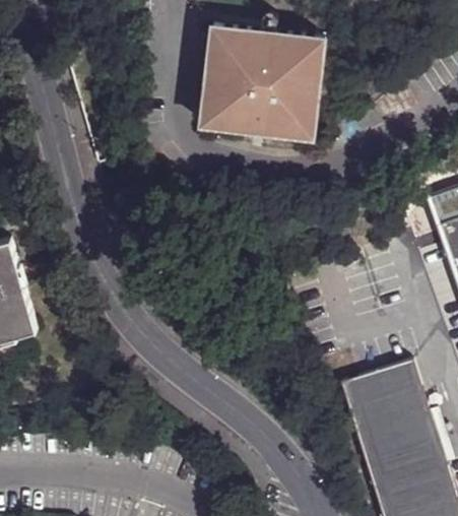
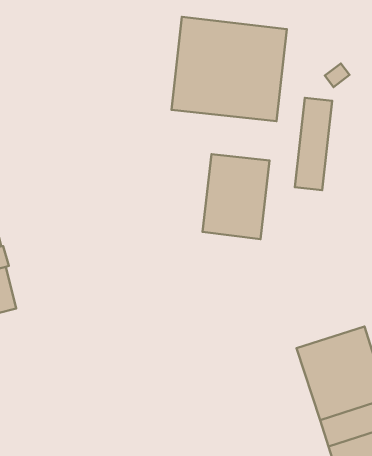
building: none -> [295,98,332,190]
building: none -> [203,154,269,239]

